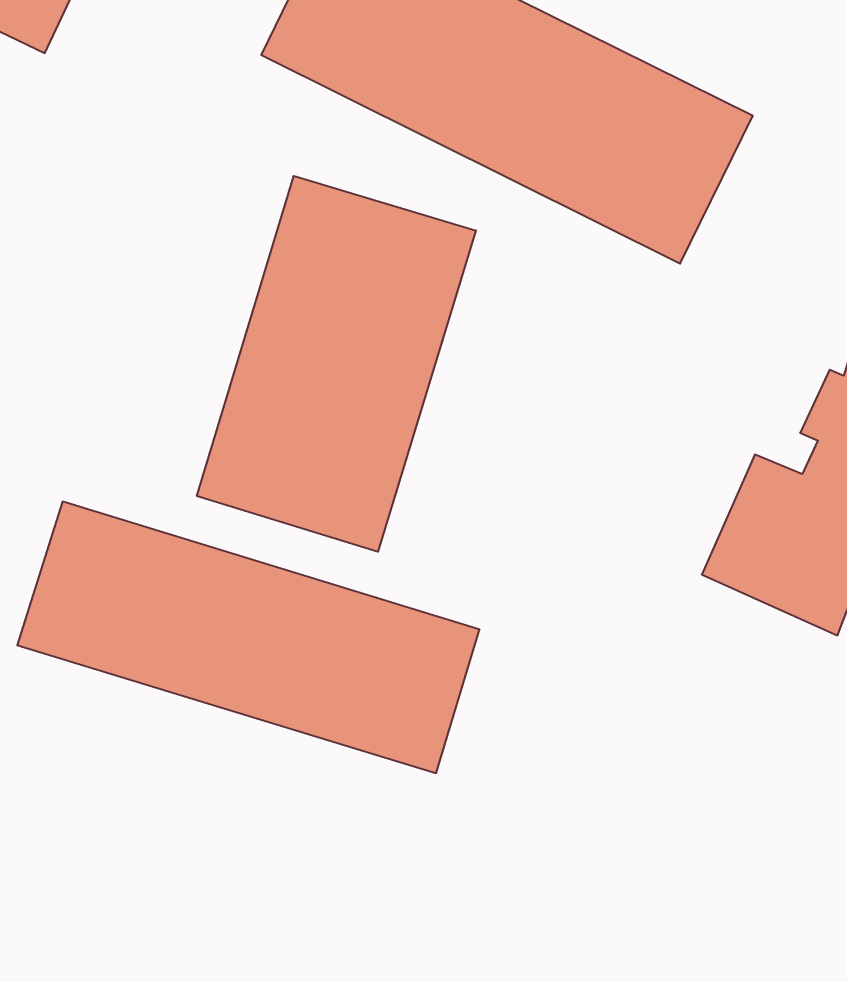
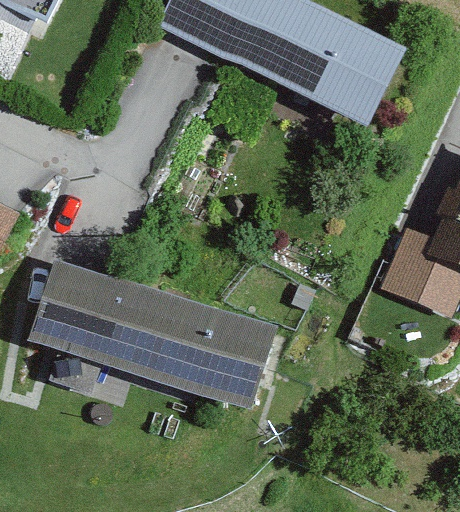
building: [197,176,476,552] -> none

